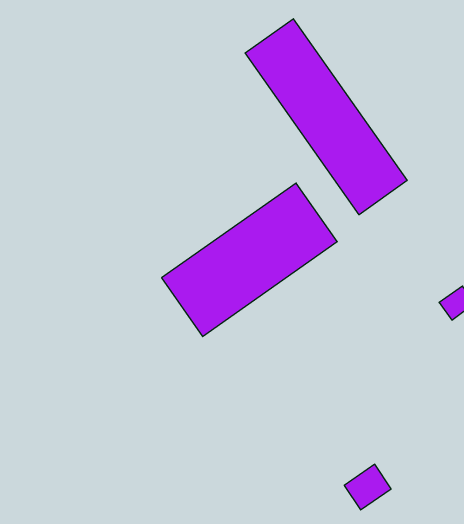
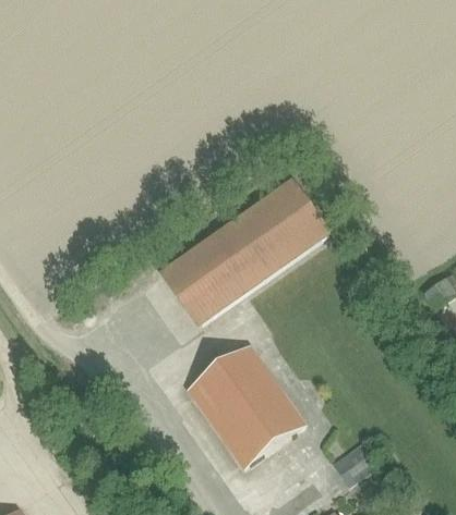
building: [245,19,407,215] -> none
building: none -> [188,346,305,468]

